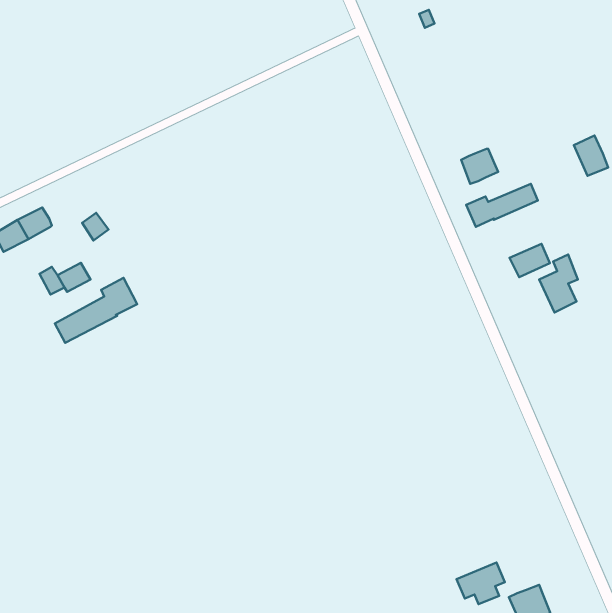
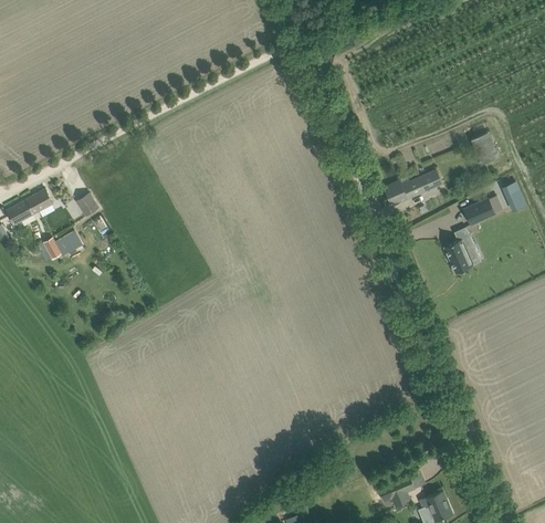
building: [461,149,498,184] -> none
building: [510,244,550,277] -> [462,198,494,224]
building: [55,278,137,343] -> none

